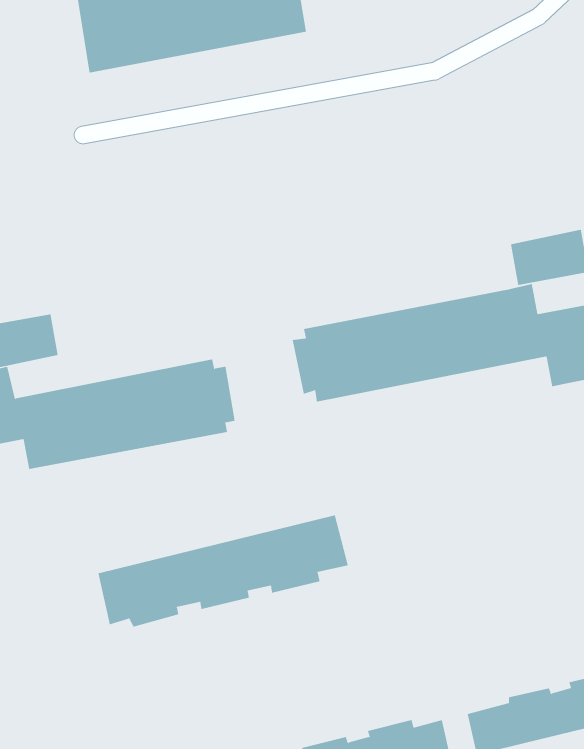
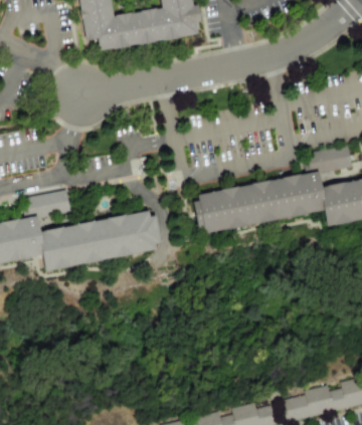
building: [98,515,349,627] -> none

